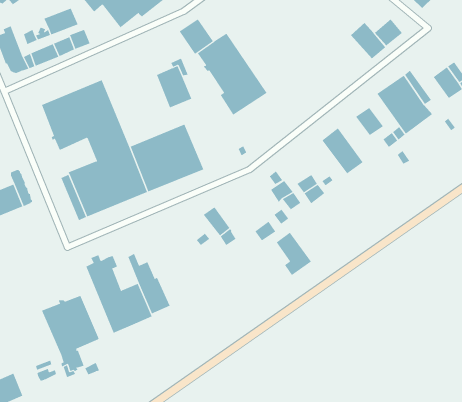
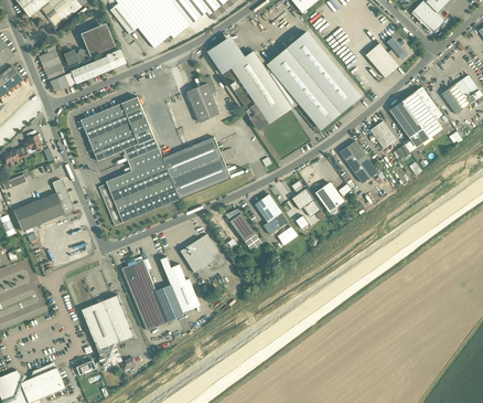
building: none -> [267,32,359,128]
building: none -> [180,234,218,273]
building: [276,232,312,276] -> [255,194,288,235]

